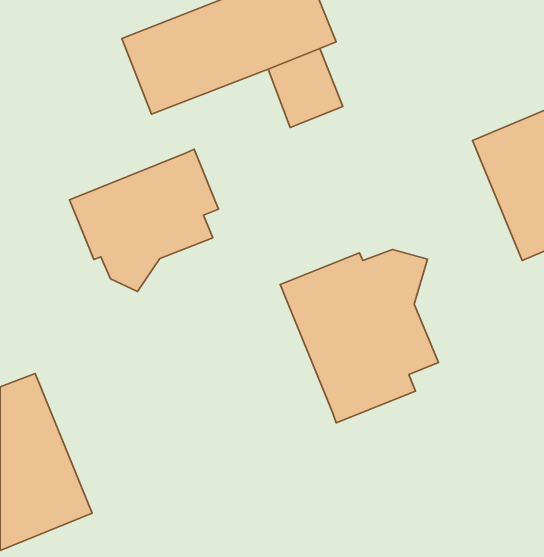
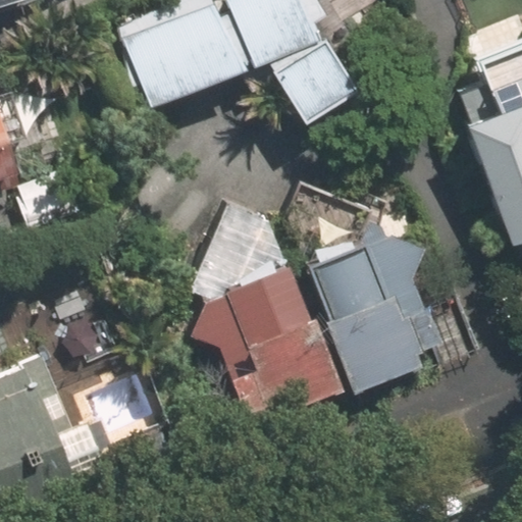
building: [69,149,218,292] -> none
building: none -> [162,264,325,430]

